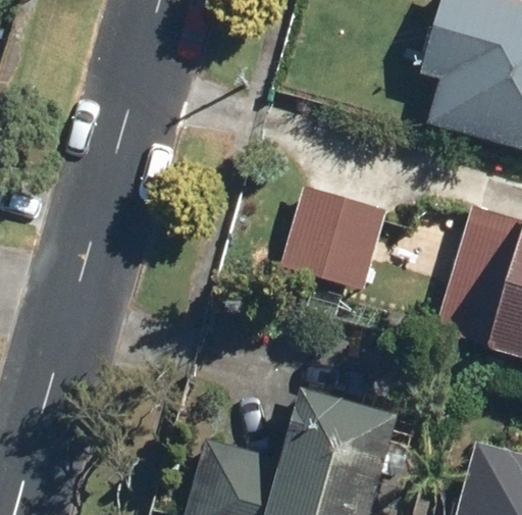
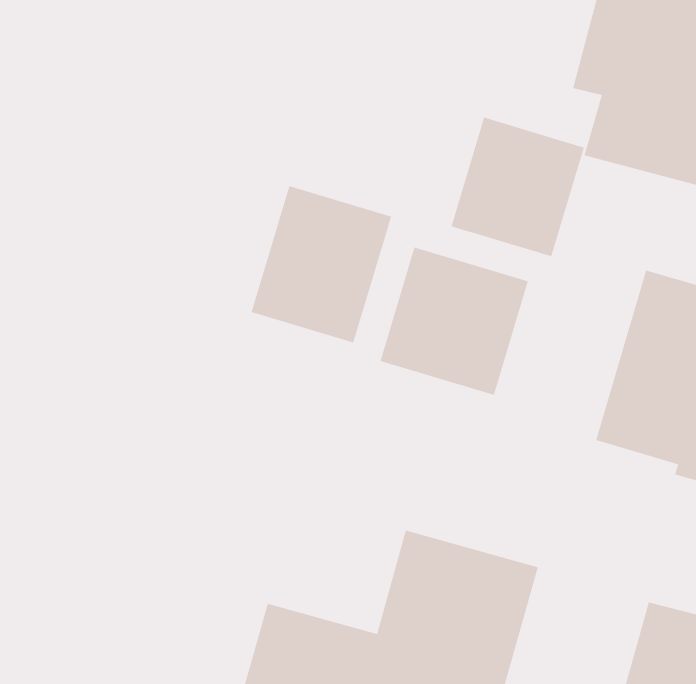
building: none -> [450,117,585,257]
building: none -> [251,185,392,343]

